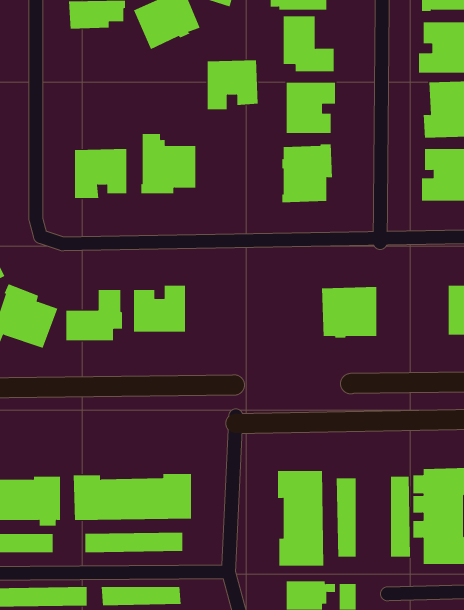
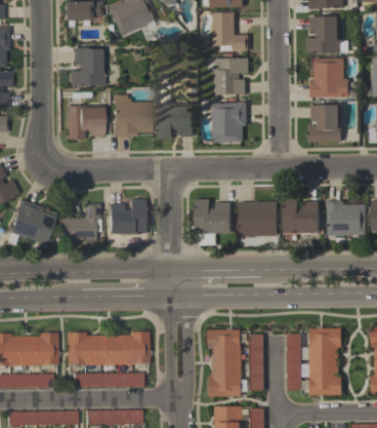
building: [207,60,258,110] -> [157,104,193,139]
building: none -> [70,48,104,86]
building: none -> [283,198,319,232]
building: none -> [195,199,232,245]

